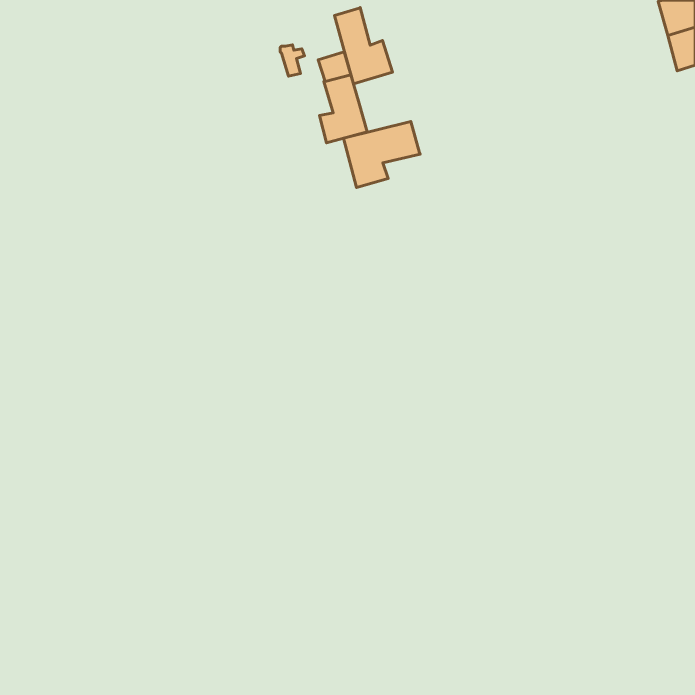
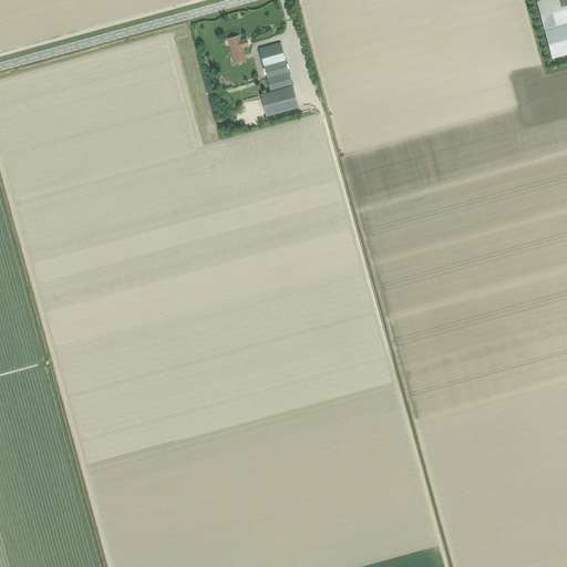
building: [334,8,392,84] -> none
building: [343,122,420,188] -> none

